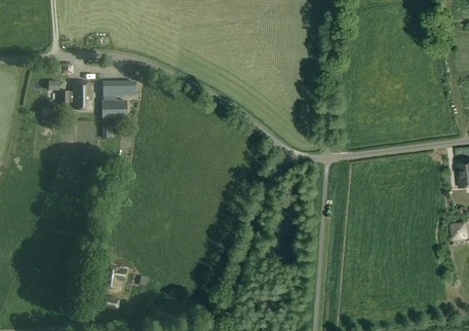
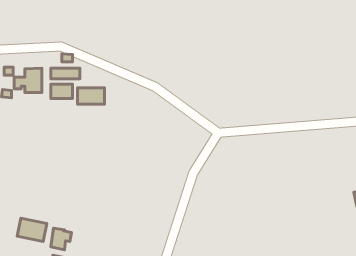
building: none -> [78,88,104,104]
building: none -> [17,218,47,242]

